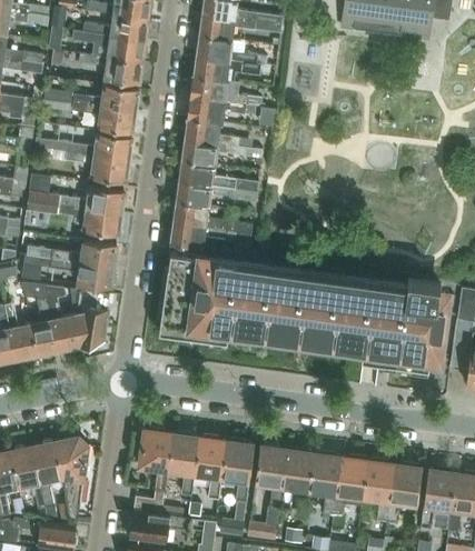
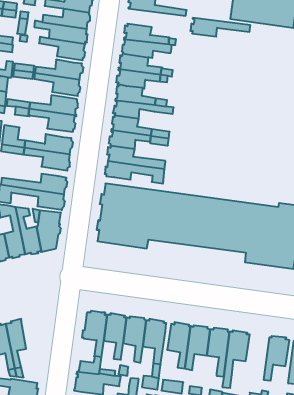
building: [198,14,280,40] -> [190,18,250,37]
building: [55,438,88,523] -> none
building: [363,460,395,523] -> none

